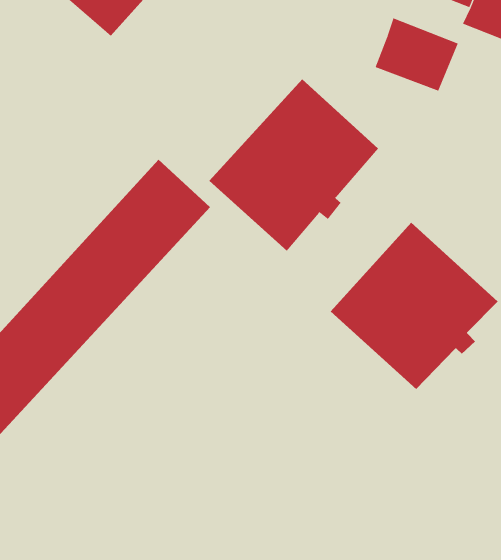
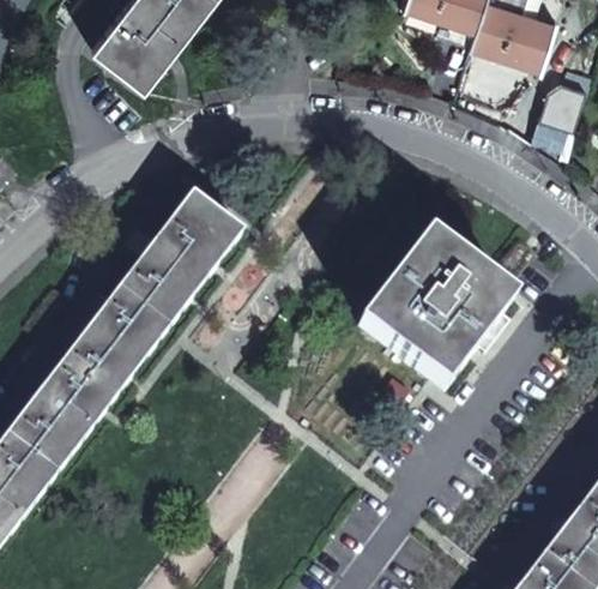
building: [375,17,458,92] -> none
building: [208,78,379,252] -> none

